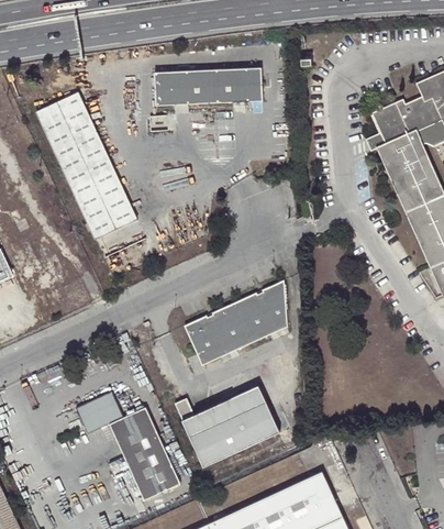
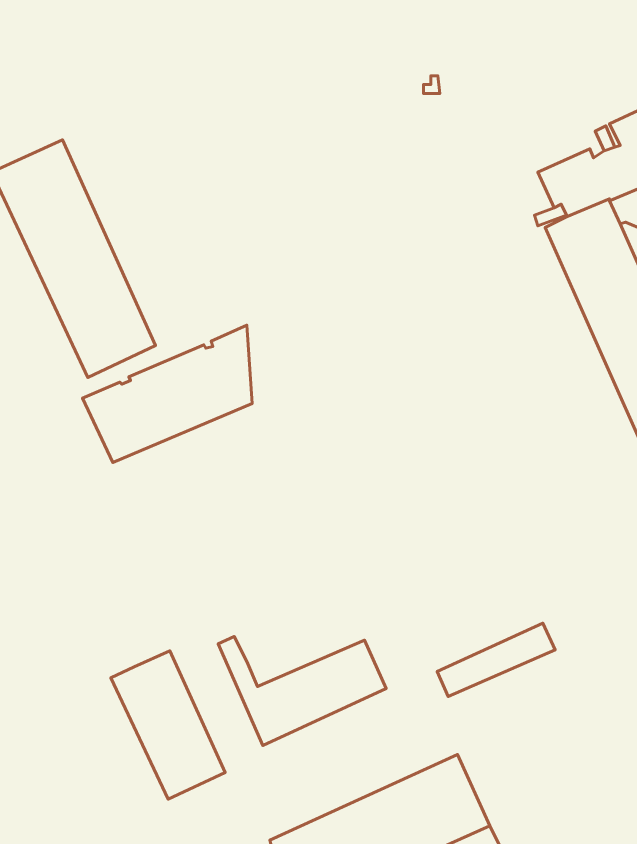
building: [153,67,263,103] -> none
building: [182,283,287,367] -> [82,325,252,463]
building: [192,385,265,430] -> [437,623,555,696]
building: [75,393,123,434] -> none

